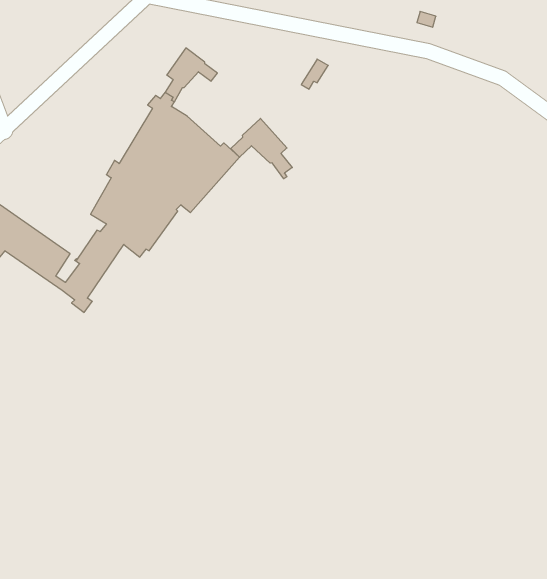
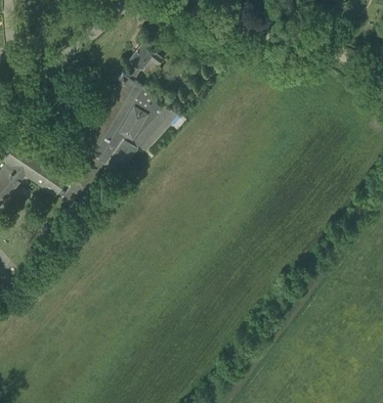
building: [231,118,292,179] -> none

